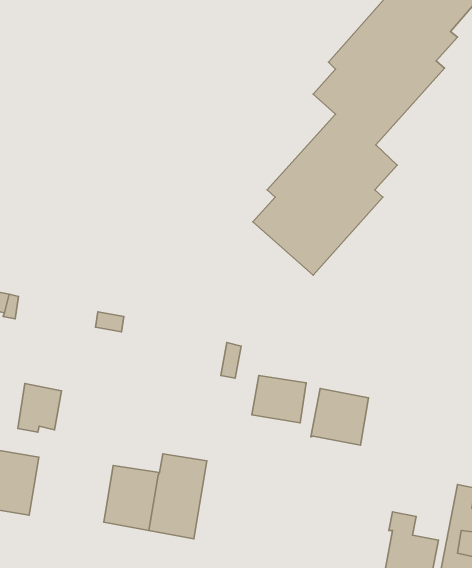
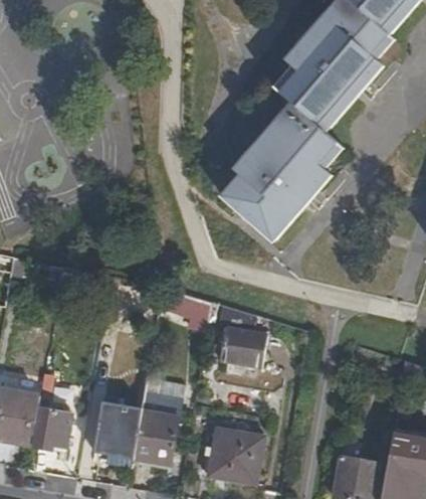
building: [18,384,62,432] -> [33,407,70,449]
building: [311,388,369,445] -> none
building: none -> [207,429,261,484]

